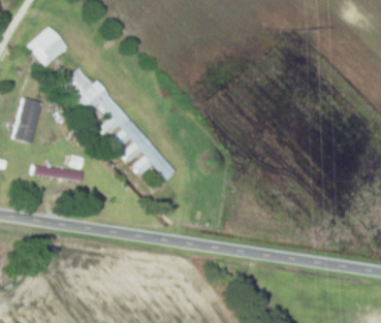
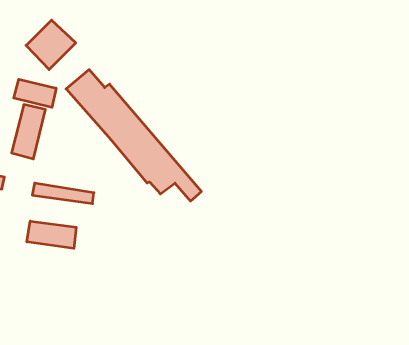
building: none -> [14,79,56,107]
building: none -> [27,221,76,248]

